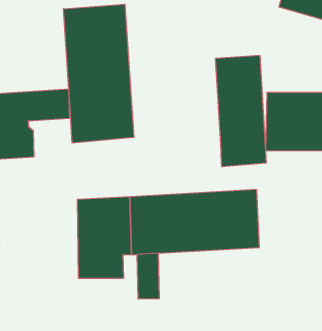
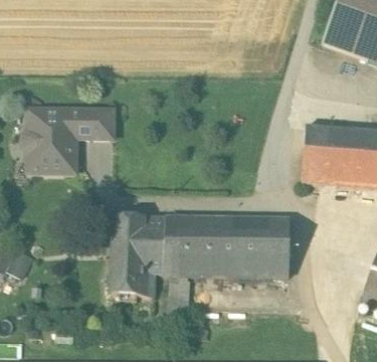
building: [63,4,134,143] -> none
building: [216,55,266,167] -> none

